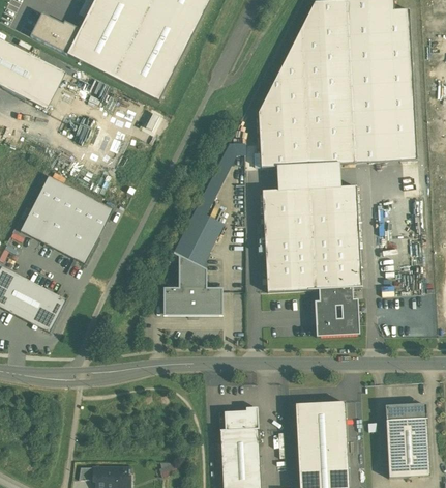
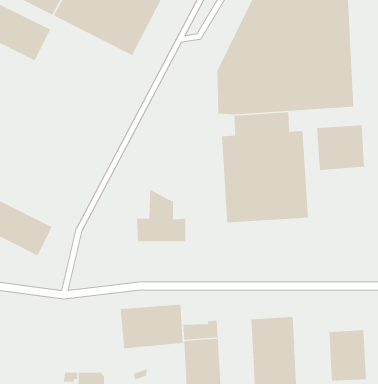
building: [174,142,244,265] -> none
building: [20,174,112,262] -> none
building: none -> [316,125,365,171]
building: [314,288,359,334] -> none
building: none -> [120,304,184,349]
building: [384,402,426,419] -> none

